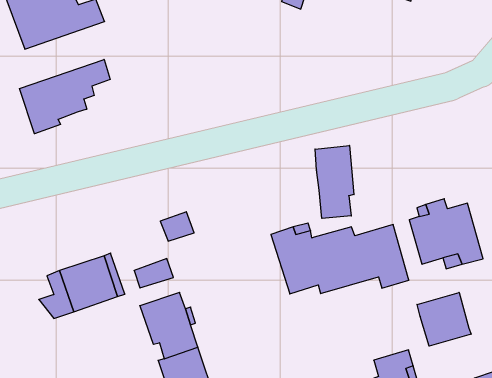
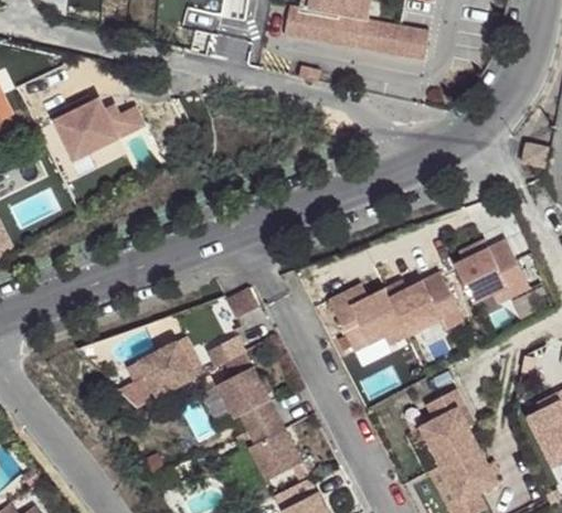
building: [20,59,110,134] -> none
building: [315,145,354,218] -> none
building: [417,292,471,346] -> none

